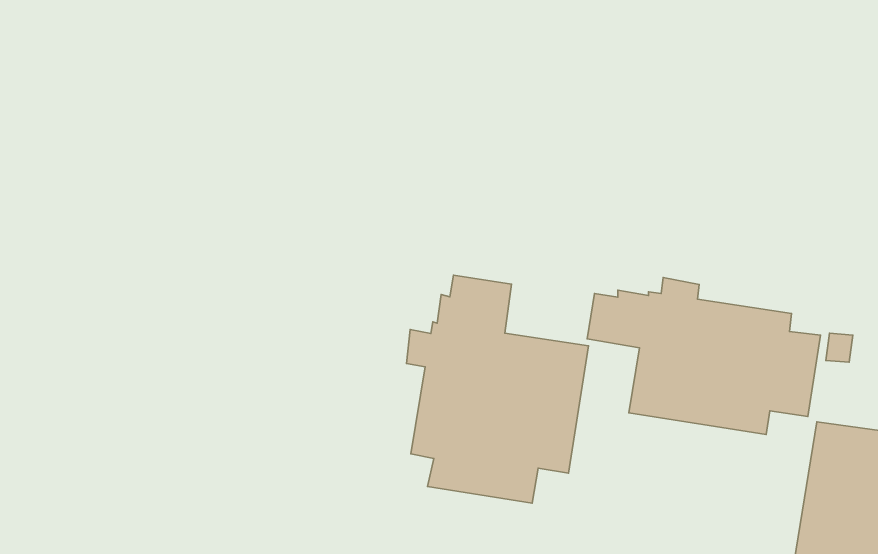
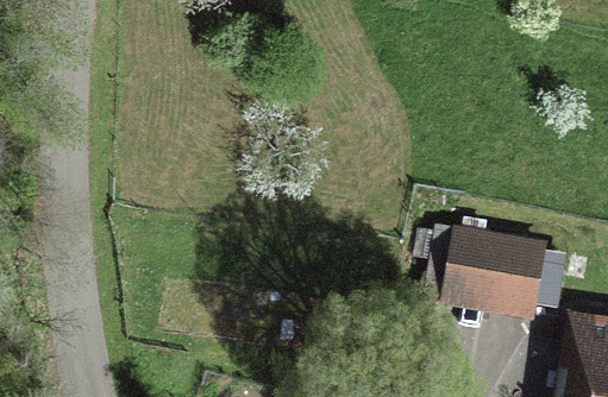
building: [407,275,589,503] -> none

